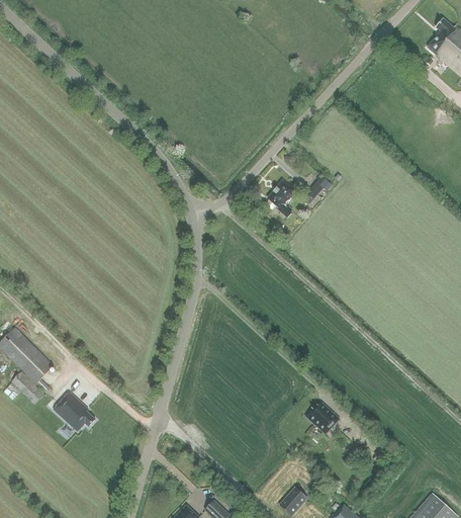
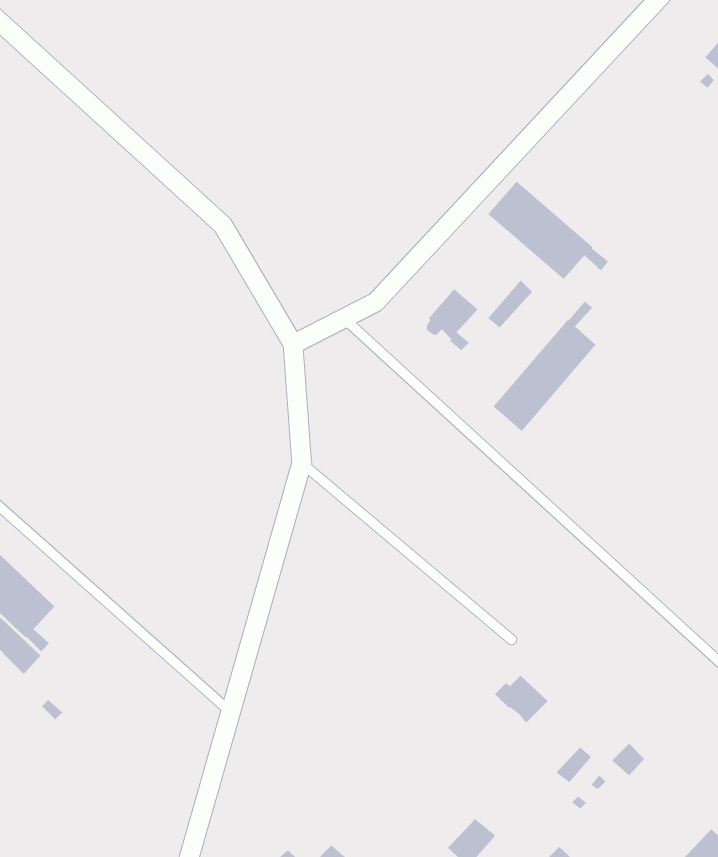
building: none -> [487,181,609,280]
building: none -> [492,300,597,432]
building: [53,391,95,430] -> none

